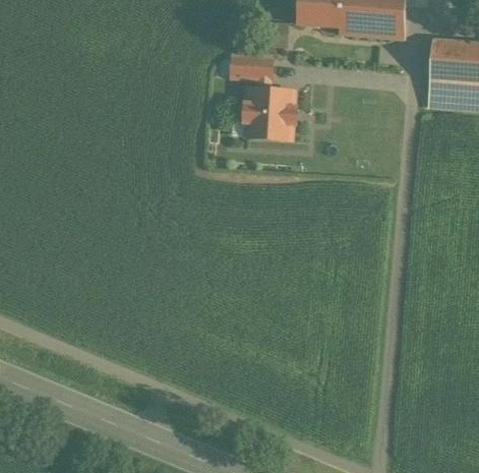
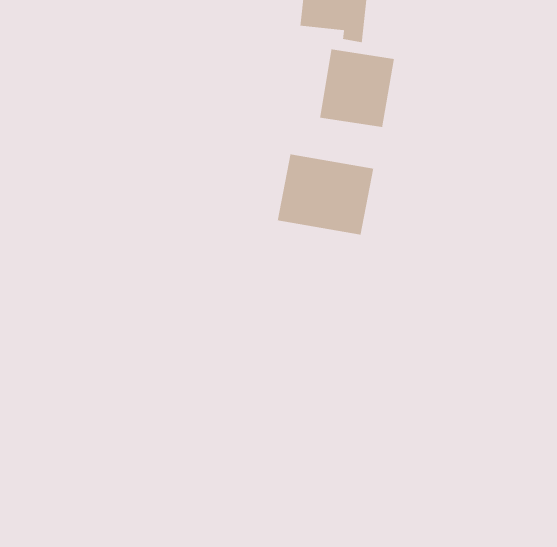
building: none -> [277,154,374,235]

